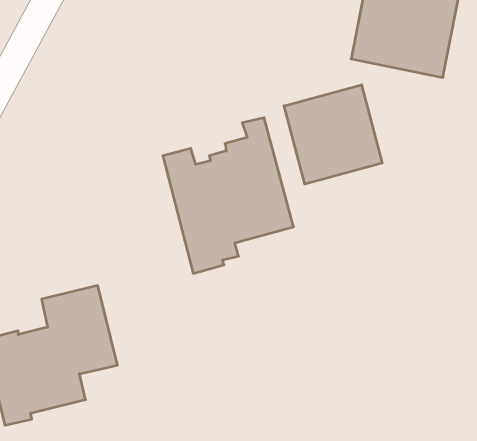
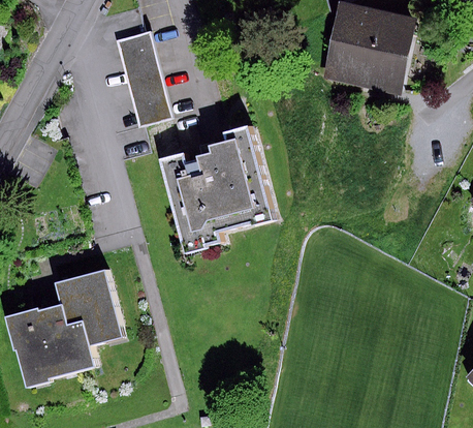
building: none -> [118,33,171,128]
building: [284,85,382,184] -> none

